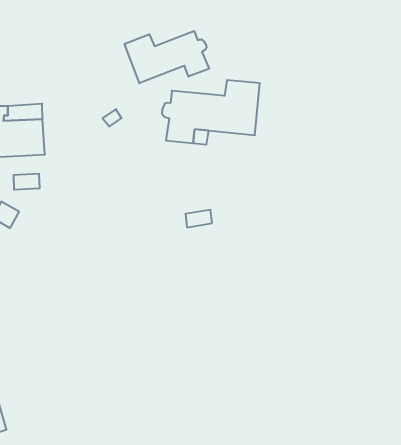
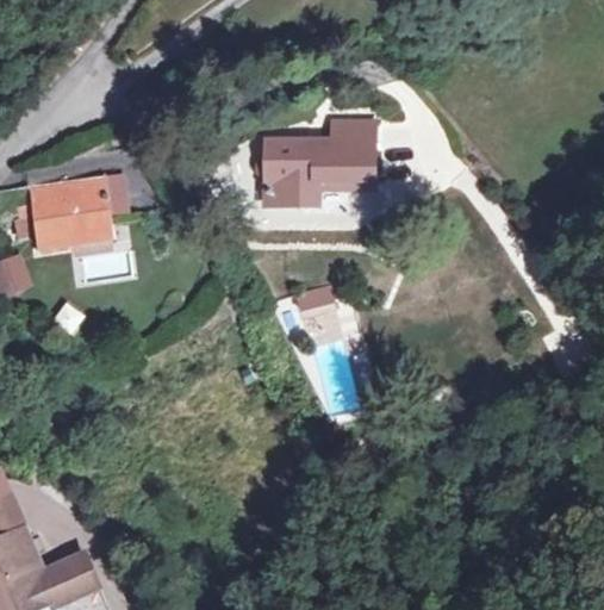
building: [125,31,209,83] -> none

